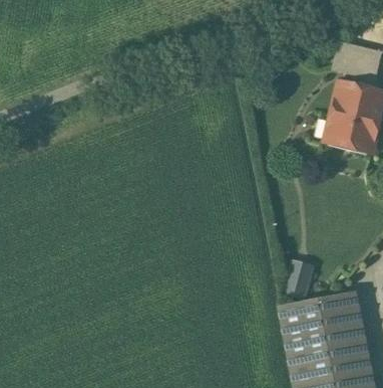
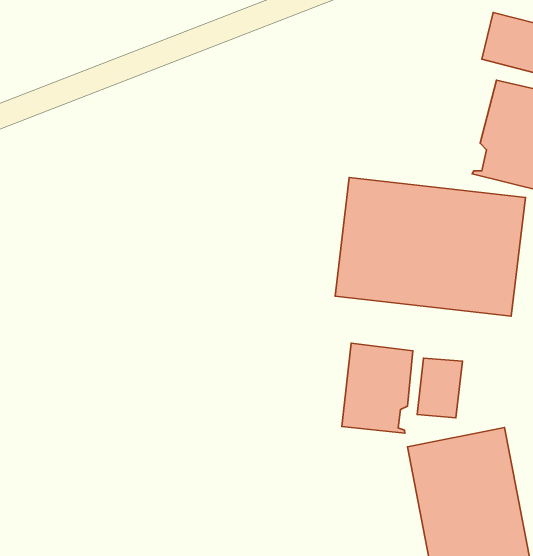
building: none -> [335,177,525,316]
building: none -> [342,343,413,433]

